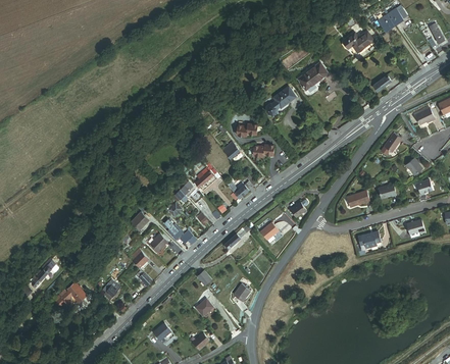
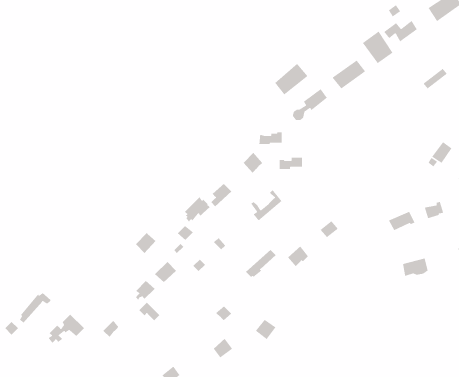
building: none -> [362,30,394,64]
building: none -> [274,63,308,96]

